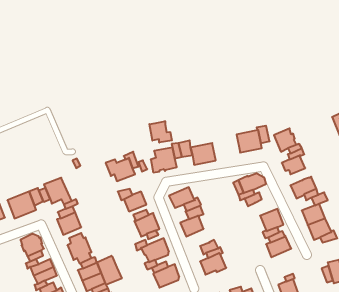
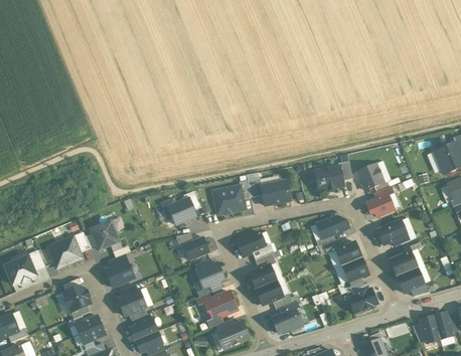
building: [149,121,172,143] -> none
building: none -> [335,242,361,265]
building: none -> [256,281,283,305]
building: [97,256,122,285] -> none

